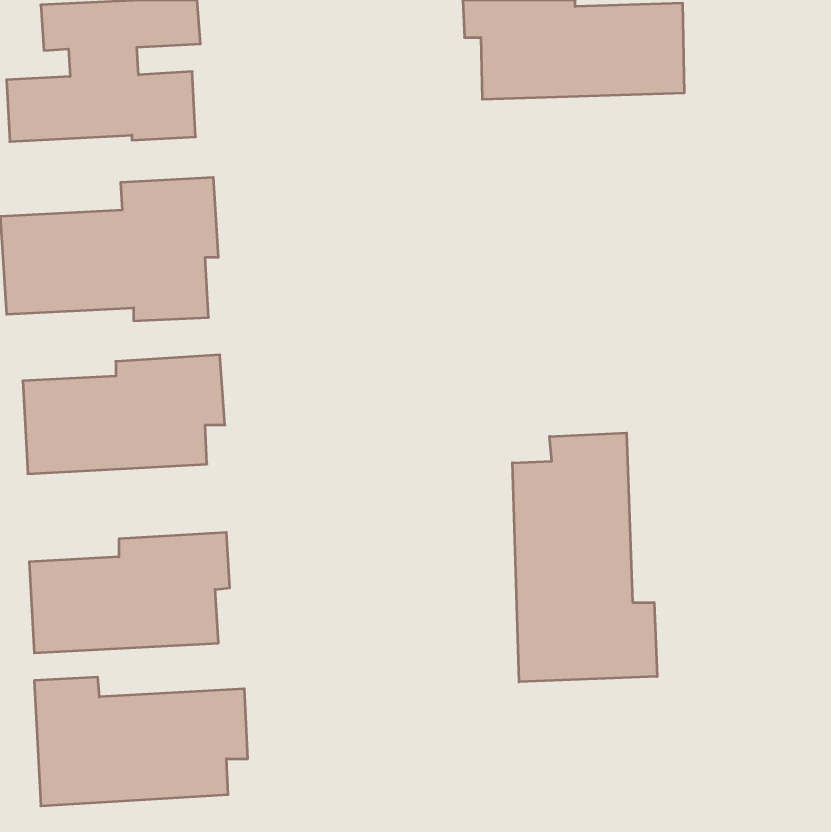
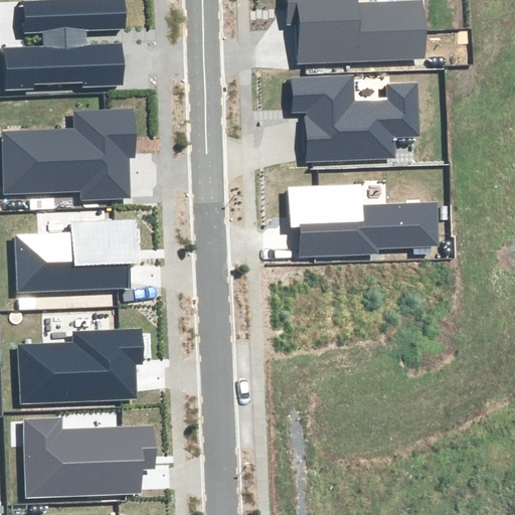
building: none -> [292,77,416,160]
building: none -> [289,185,437,256]
building: [512,433,657,682] -> none

